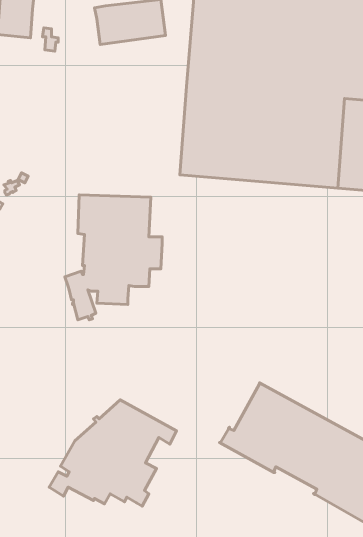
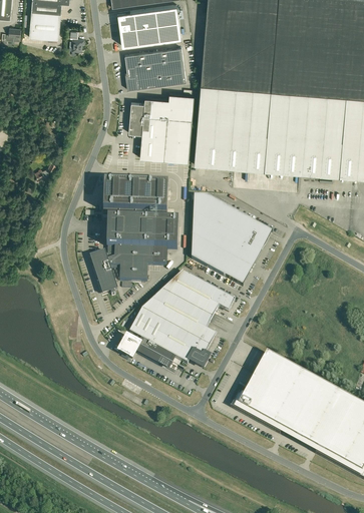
building: none -> [125,45,187,87]
building: none -> [128,91,194,160]
building: none -> [192,193,273,285]
building: [49,400,176,506] -> [119,271,235,367]

